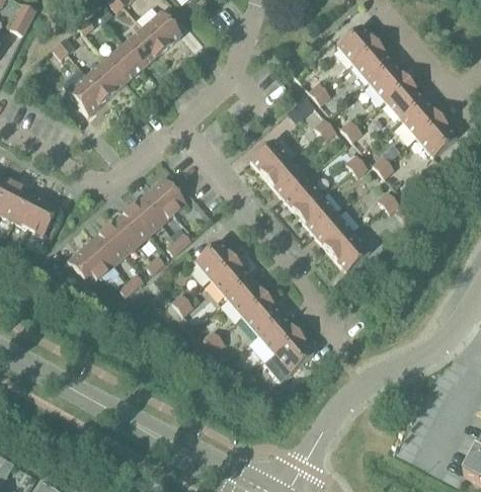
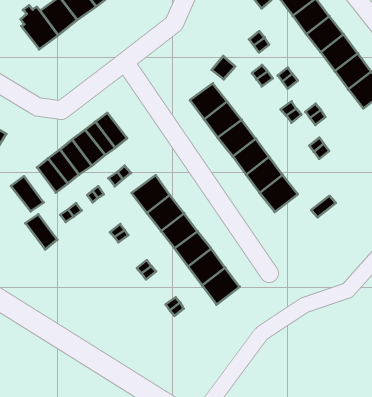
building: [80,239,114,275] -> [25,214,57,249]

